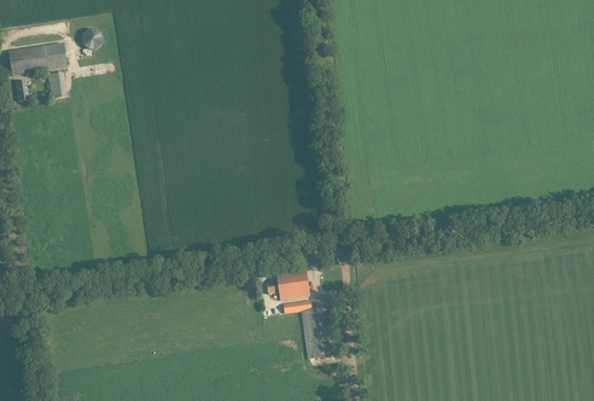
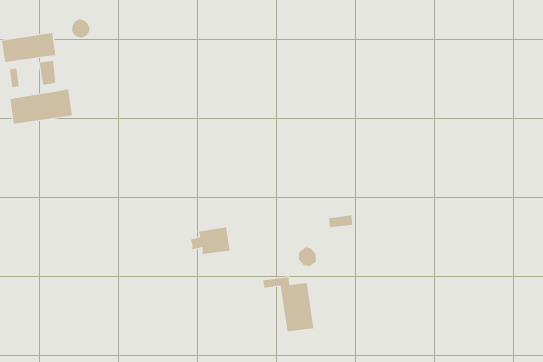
building: none -> [10,89,73,124]
building: [267,269,309,298] -> [190,227,230,254]

